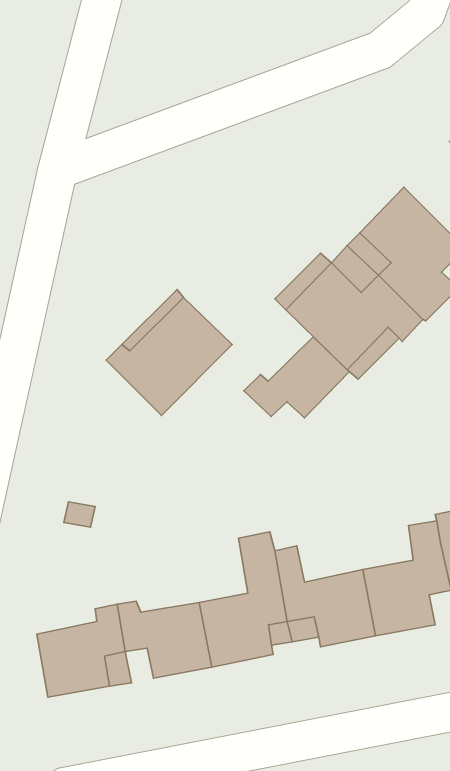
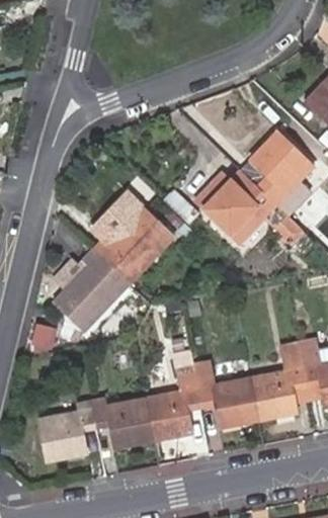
building: [244,337,349,418] -> none
building: none -> [48,242,120,321]

